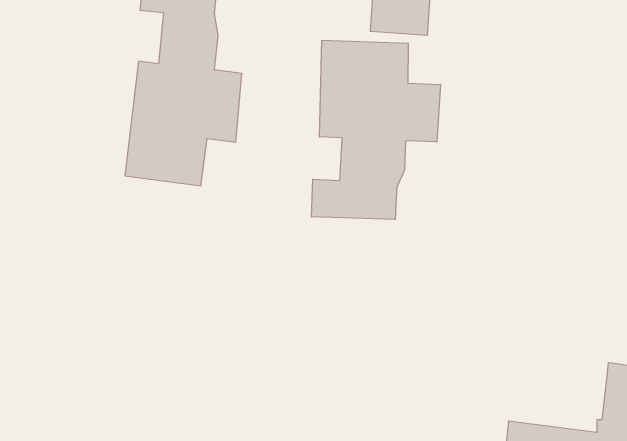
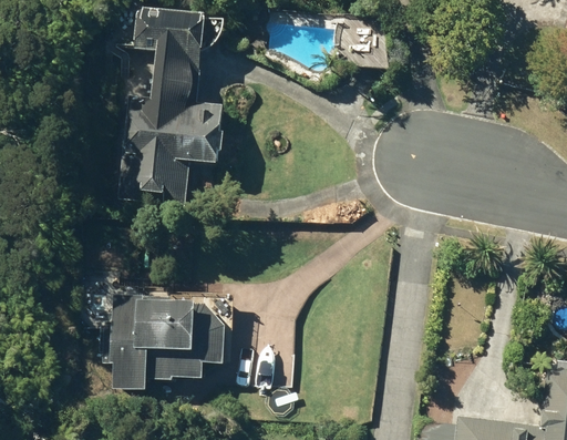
building: [311,40,440,220] -> none
building: none -> [103,293,221,390]

